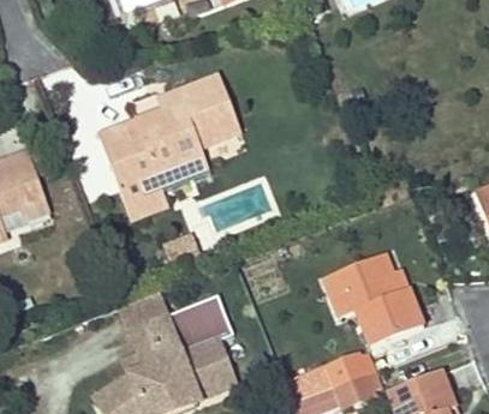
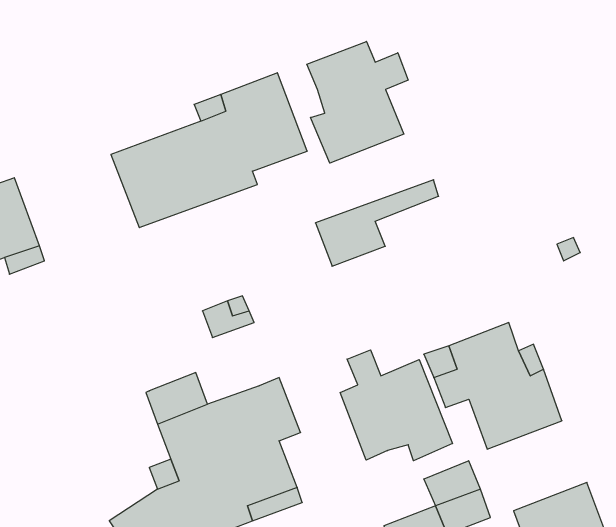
building: none -> [307,41,408,163]
building: [118,155,207,217] -> [315,180,439,266]
building: none -> [340,350,452,461]

